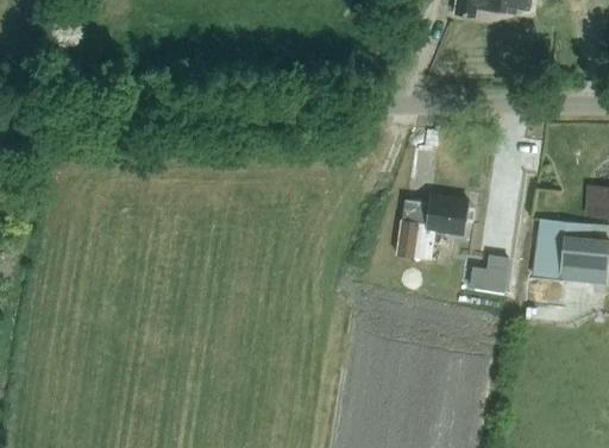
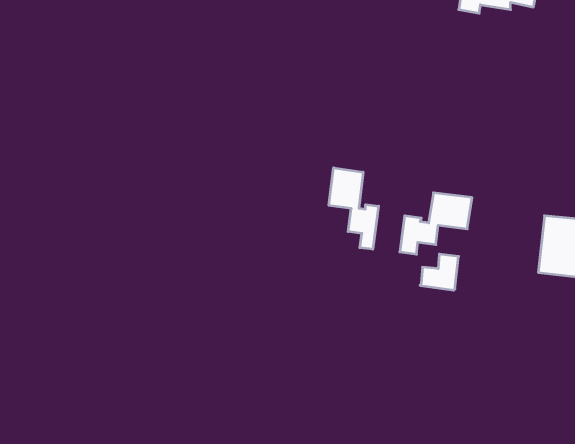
building: none -> [329,168,379,249]
building: [470,255,508,291] -> [420,254,459,290]

